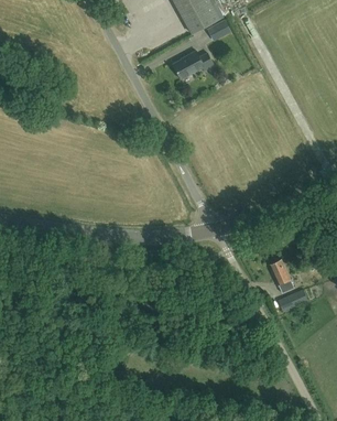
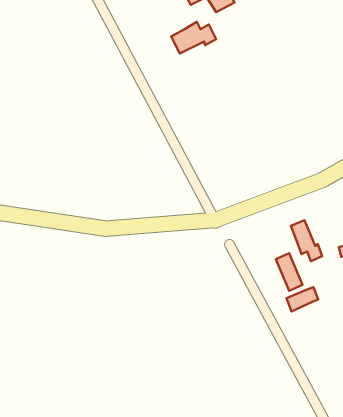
building: none -> [291,220,322,261]

